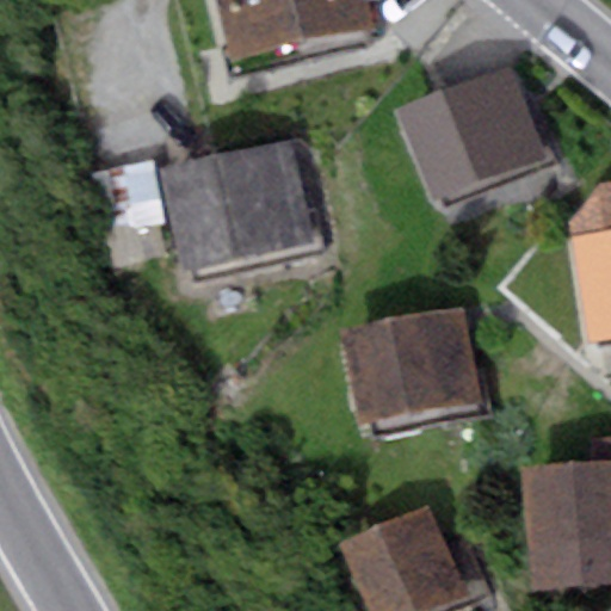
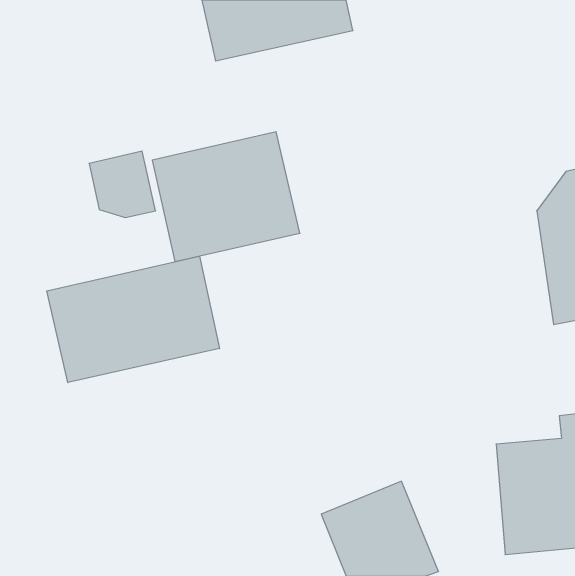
building: [395,66,548,202] -> none
building: none -> [47,256,219,383]
building: [345,307,486,425] -> none

